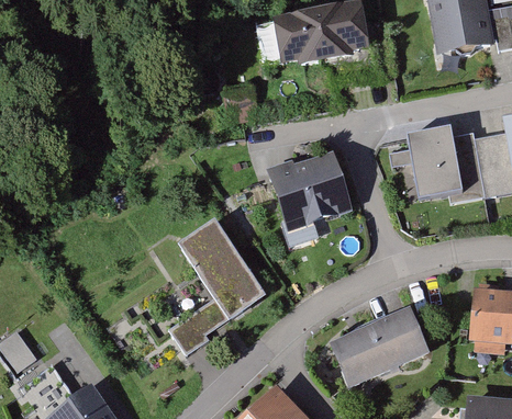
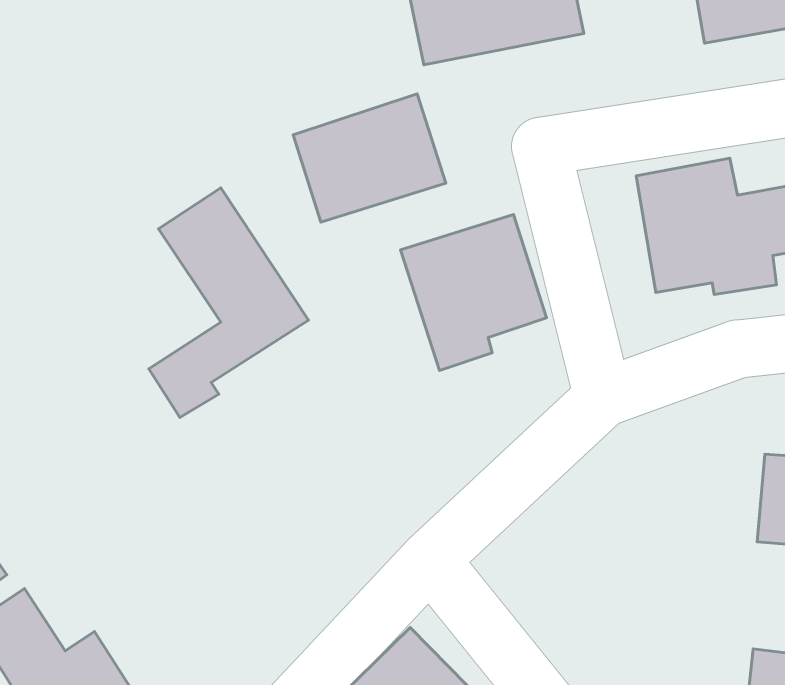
building: none -> [293,94,446,222]
building: [171,224,261,353] -> [149,188,309,418]
building: [331,309,430,385] -> none

